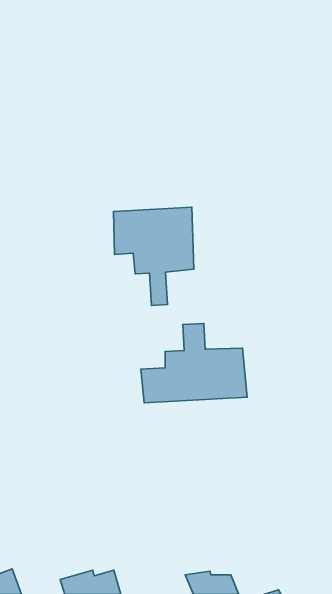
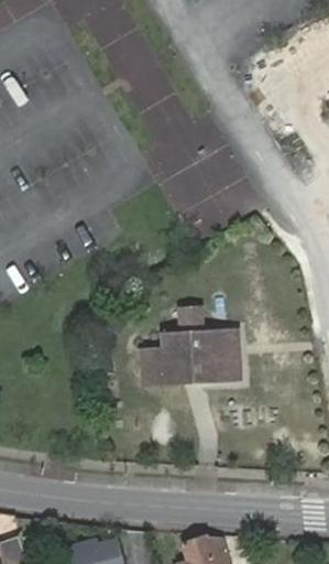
building: [113,207,194,306] -> none

